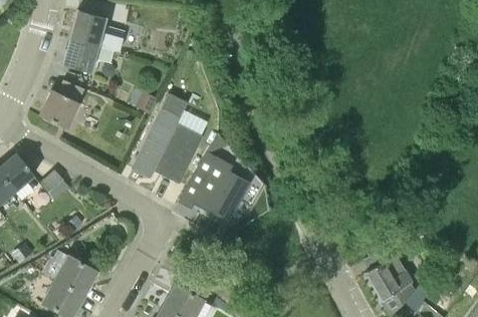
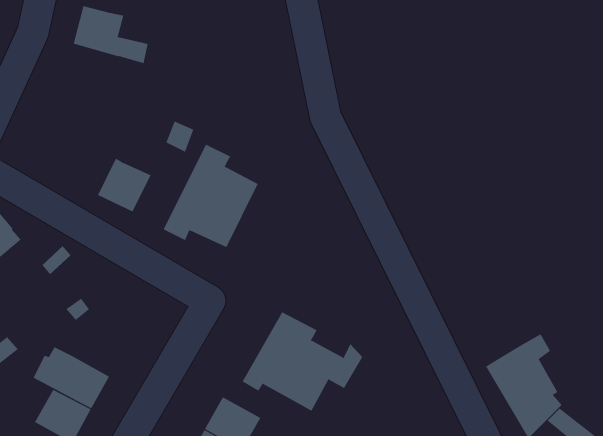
building: [62,37,103,73] -> none
building: [40,89,78,127] -> [97,158,151,212]
building: [179,151,264,222] -> [242,312,363,412]

